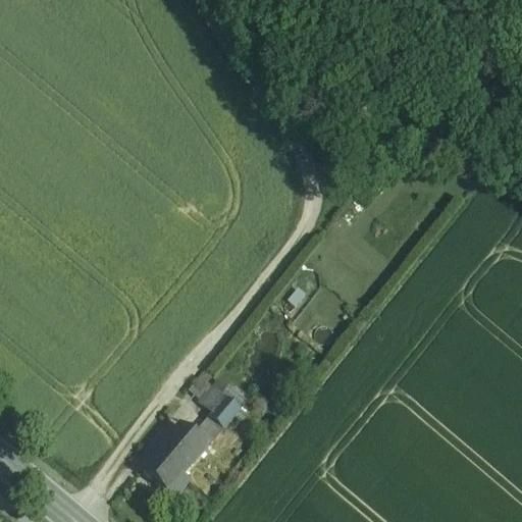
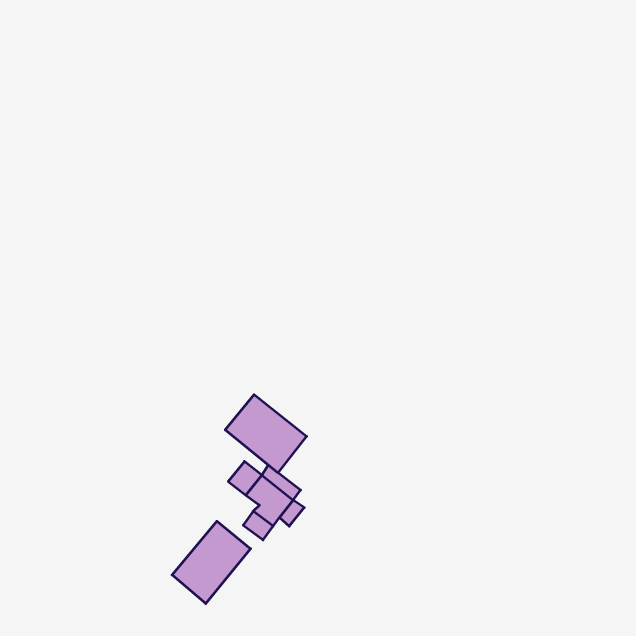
building: none -> [225,395,307,473]

